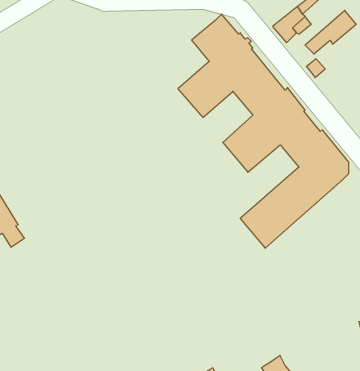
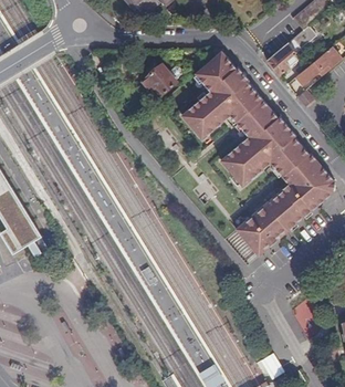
building: none -> [142,64,181,95]

